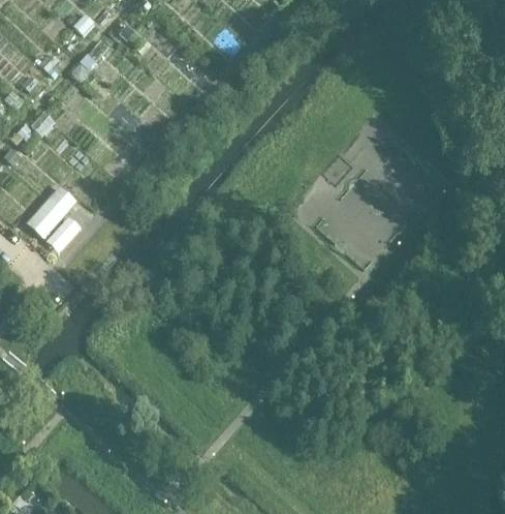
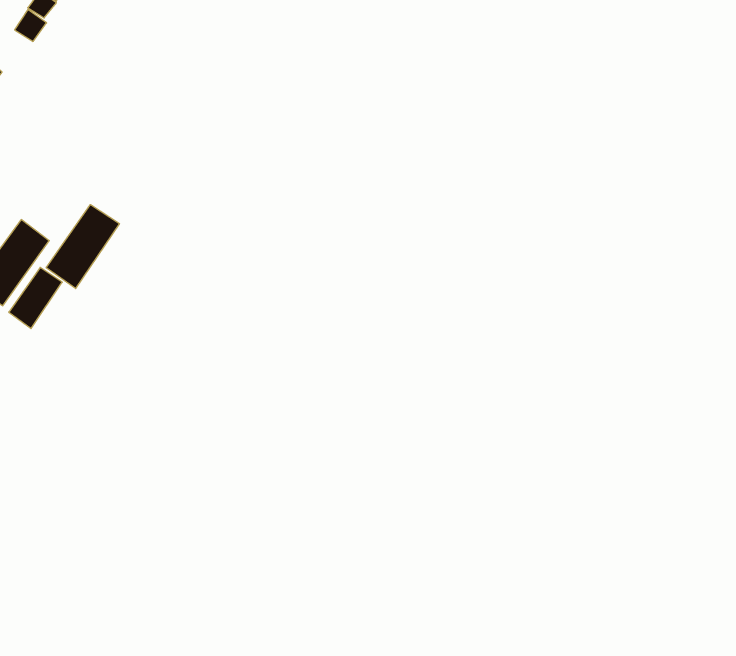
building: none -> [46,205,119,289]

